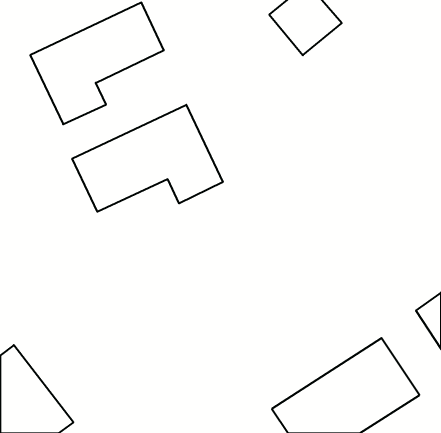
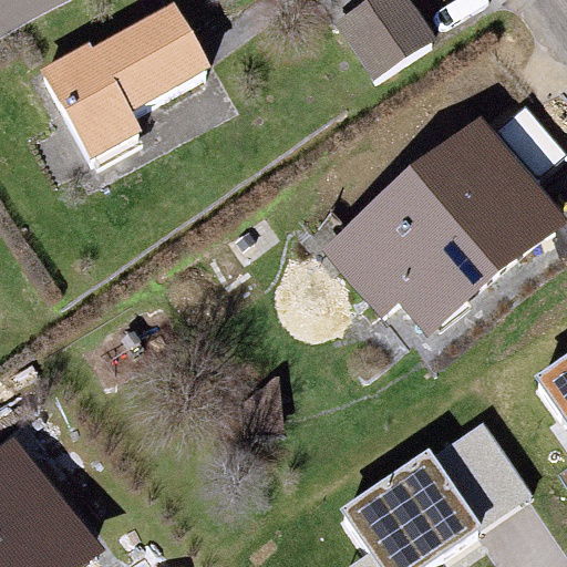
building: none -> [324,122,540,320]
building: [72,105,223,212] -> none

